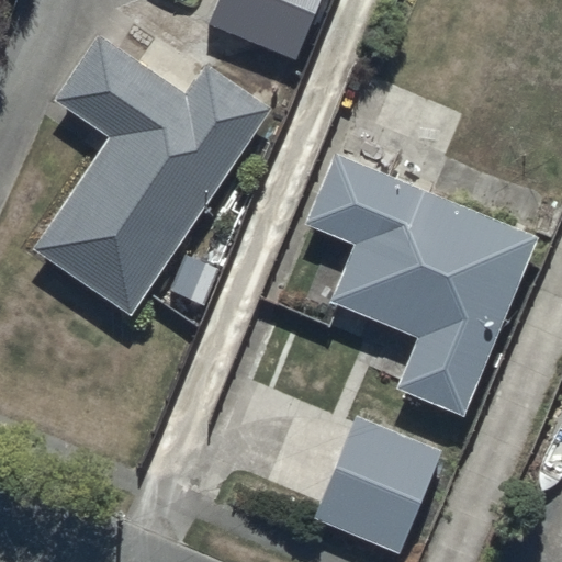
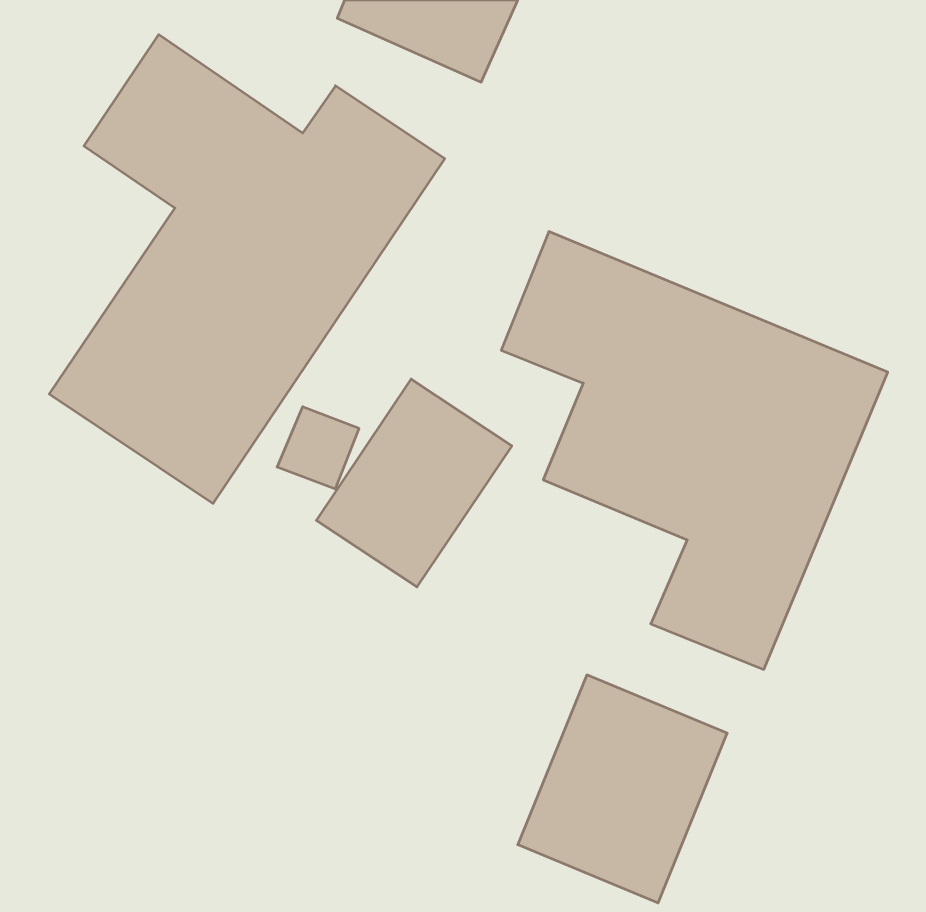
building: none -> [316,379,512,587]

